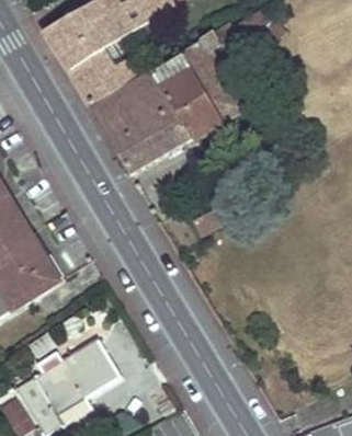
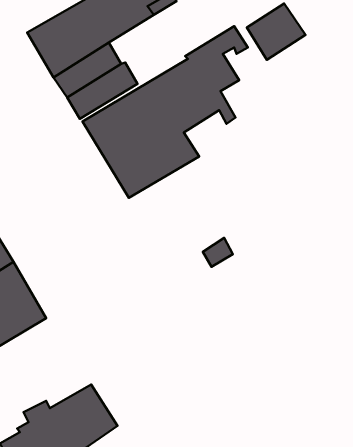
building: [179,71,246,138] -> none

